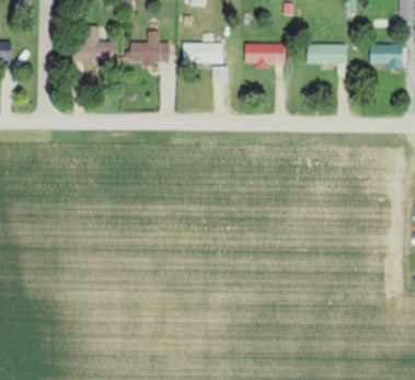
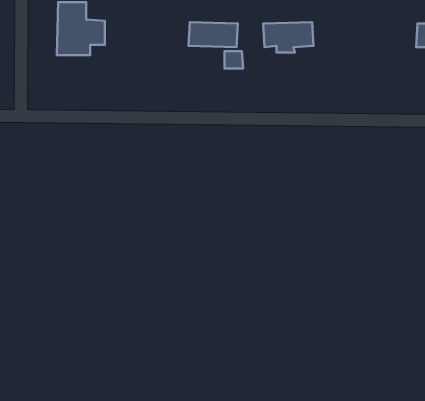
building: [130,31,170,67] -> none
building: [308,44,347,64] -> none

